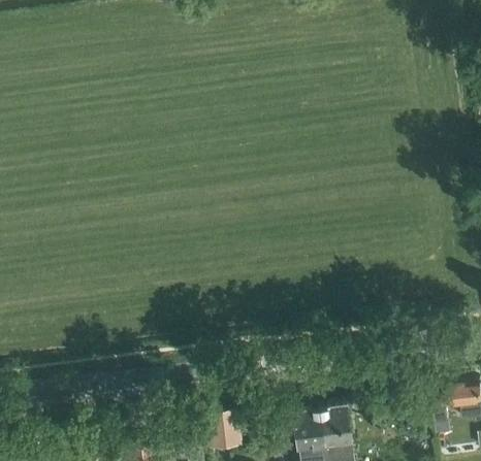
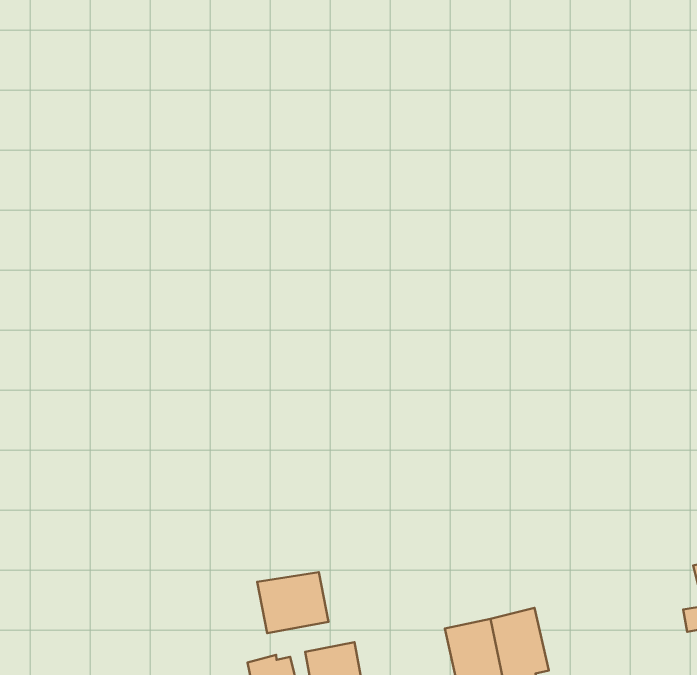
building: none -> [257,572,328,633]

